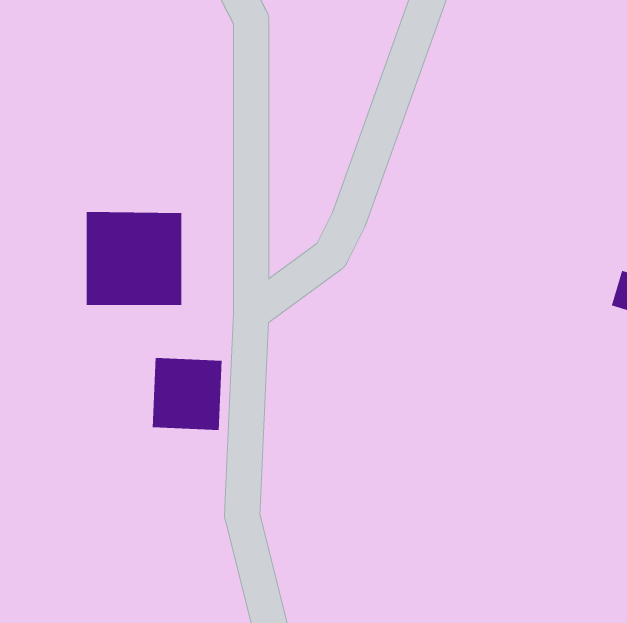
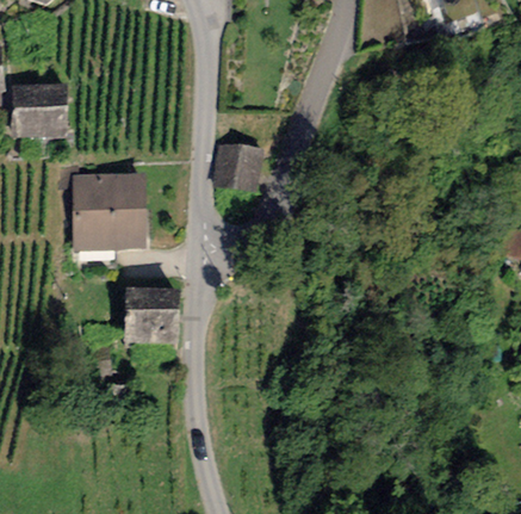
building: none -> [12,85,66,136]
building: none -> [213,142,259,190]

